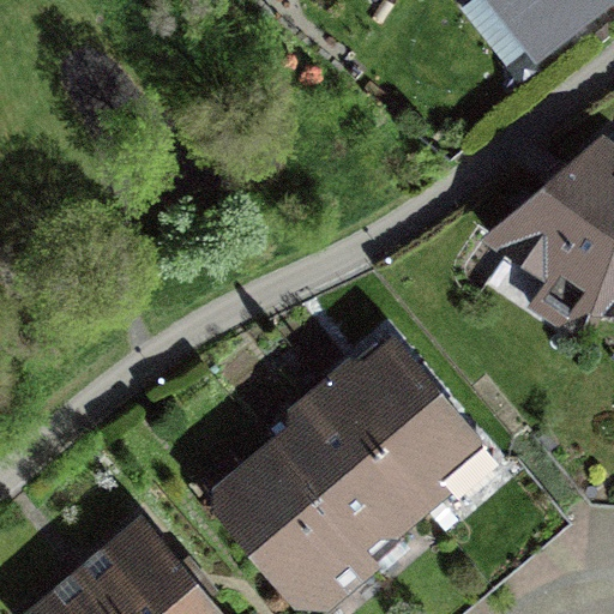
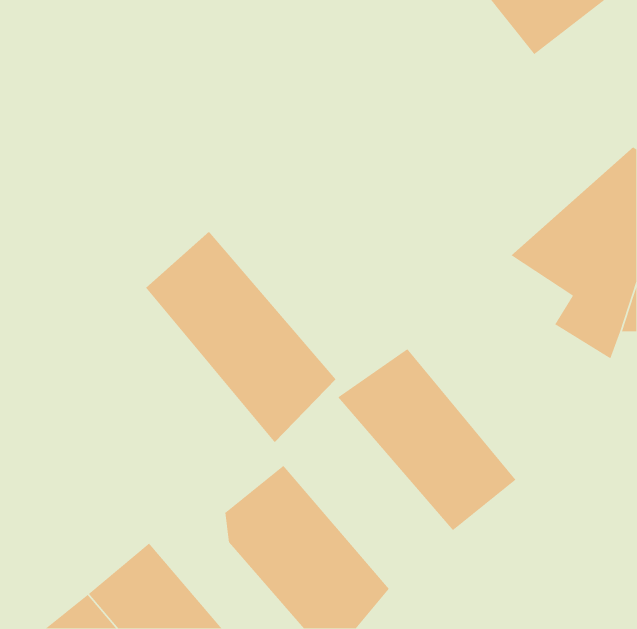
building: none -> [145,231,337,443]
building: [271,380,433,564] -> none

